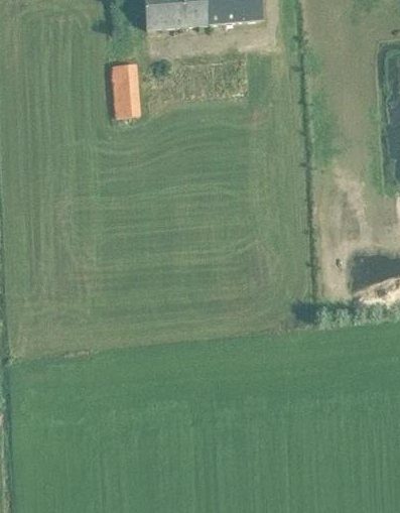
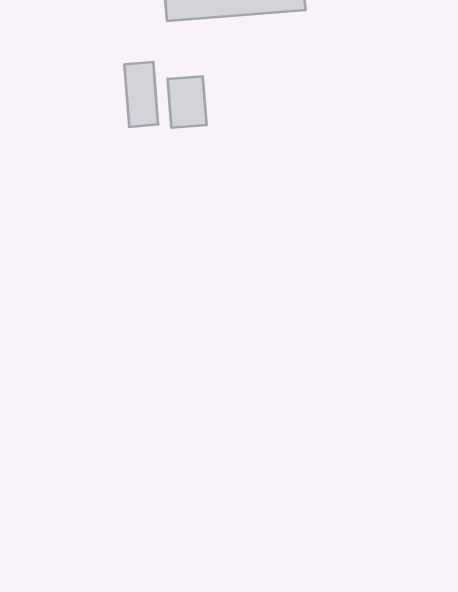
building: none -> [168,76,206,128]

